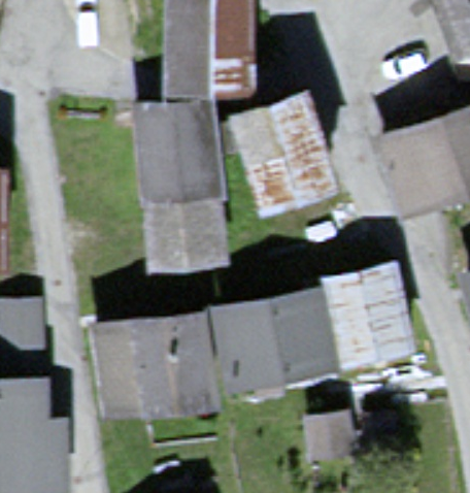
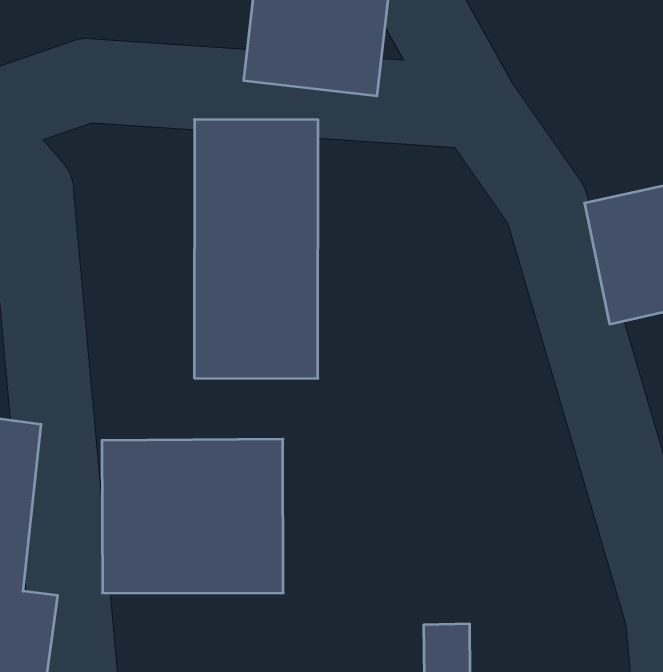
building: [233,104,337,221] -> none
building: [324,264,422,368] -> none
building: [211,287,333,390] -> none

